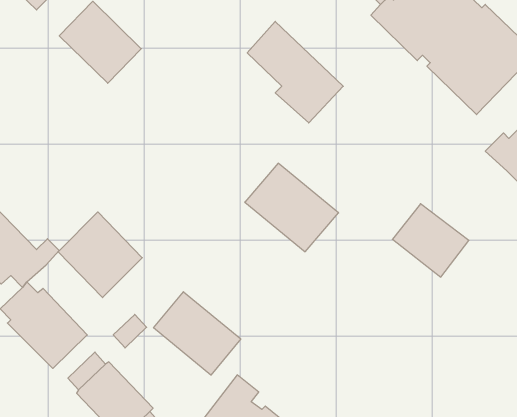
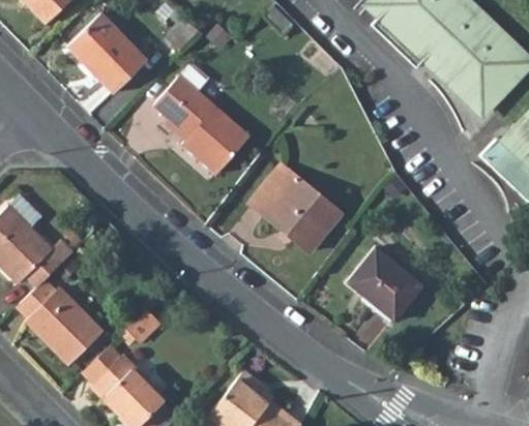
building: [247,21,343,123] -> [159,74,252,172]
building: [392,204,469,277] -> [347,249,420,320]
building: [58,212,142,298] -> none
building: [154,292,241,375] -> none

